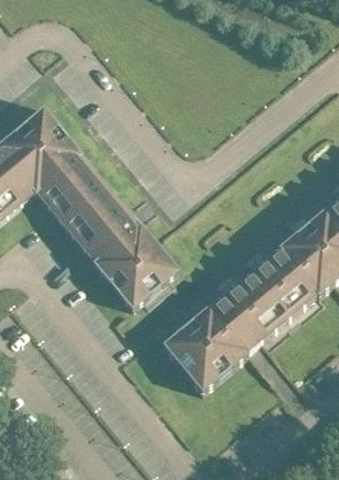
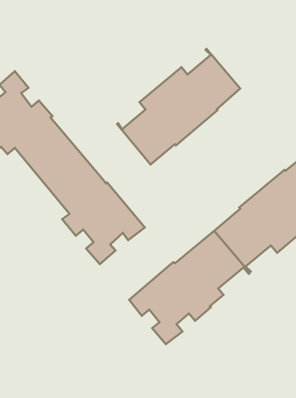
building: none -> [117,49,240,165]

